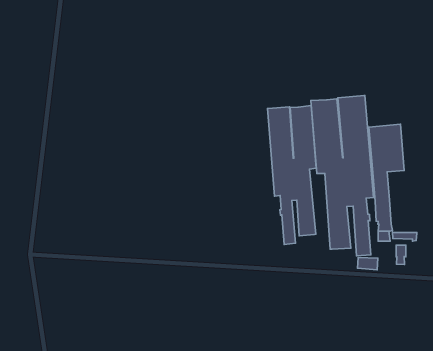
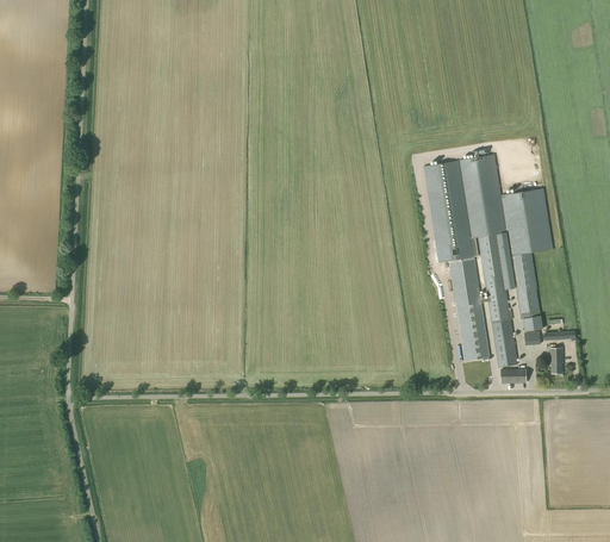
building: [268,105,316,244] -> none

